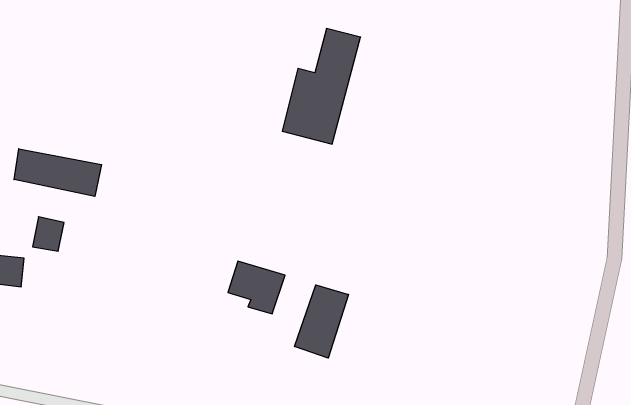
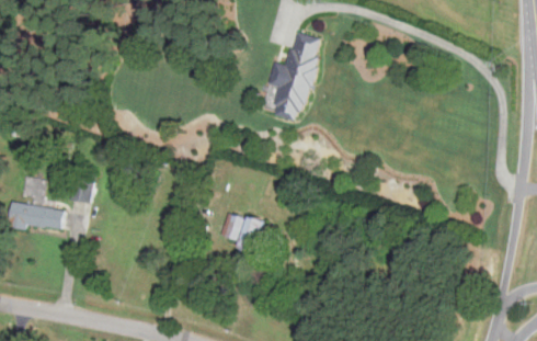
building: [14,149,102,196] -> none
building: [295,285,348,358] -> none

